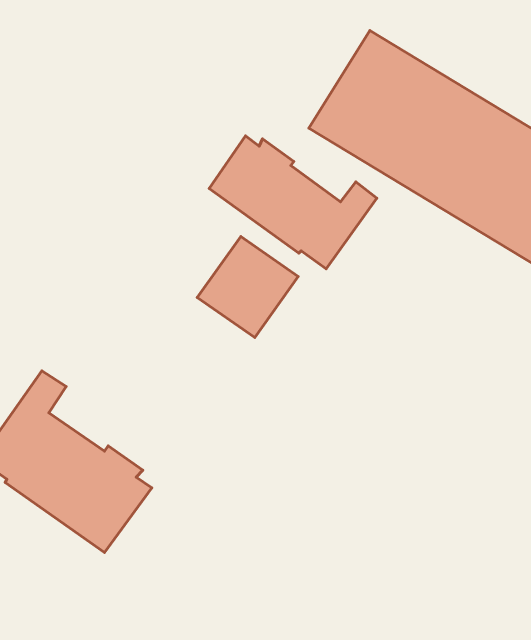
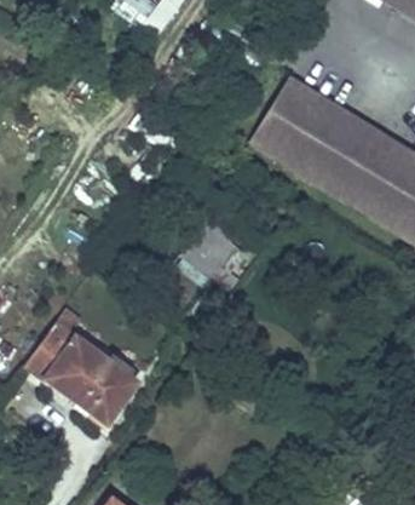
building: [209,136,377,269] -> none

